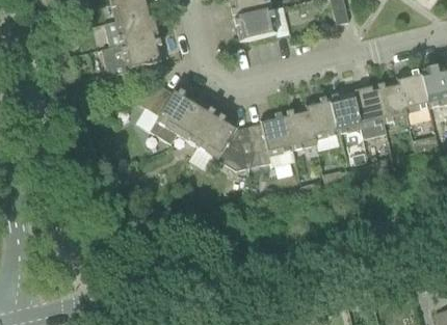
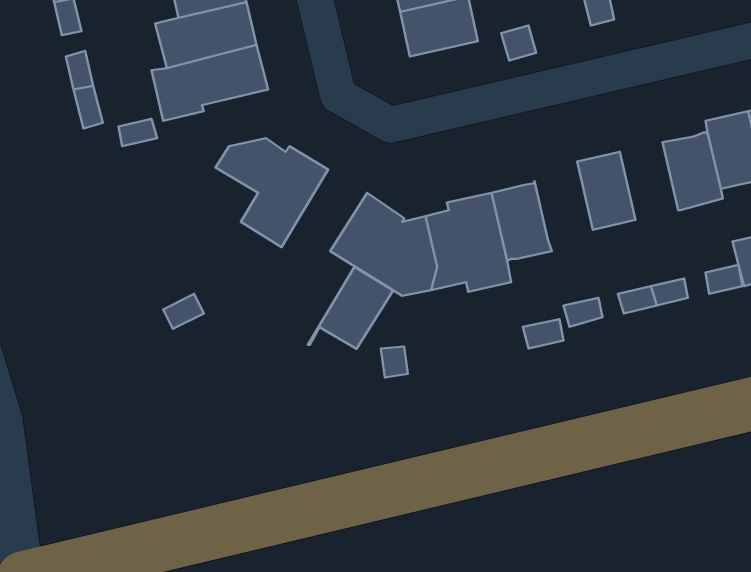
building: [351,87,385,138] -> none
building: [305,98,337,145] -> none
building: [170,102,216,145] -> [308,267,393,349]

